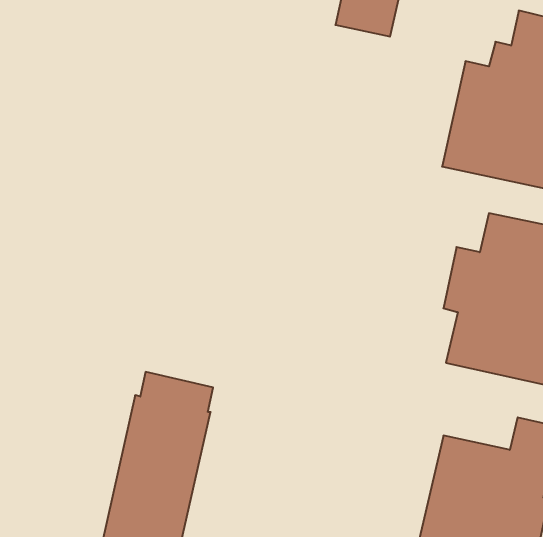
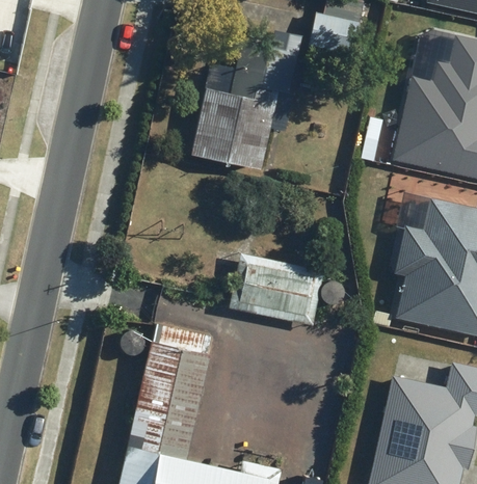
building: none -> [187,33,297,172]
building: none -> [227,256,322,327]

